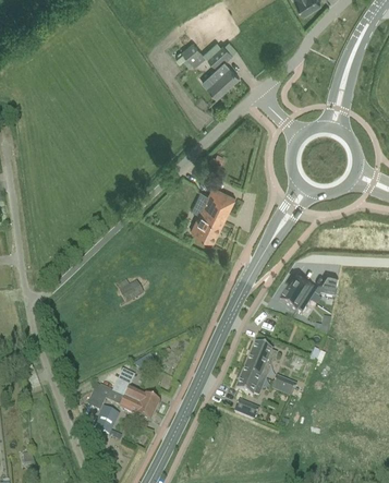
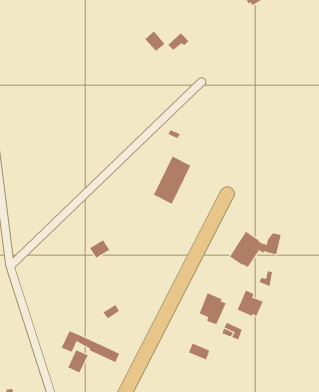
building: [204,58,241,94] -> none
building: [235,363,266,394] -> [237,290,264,317]
building: [112,366,160,409] -> none

